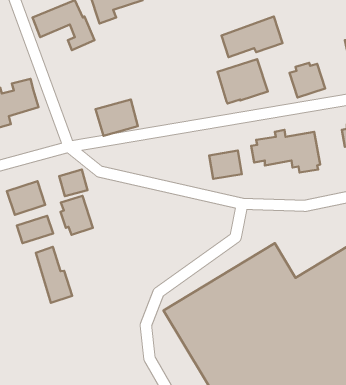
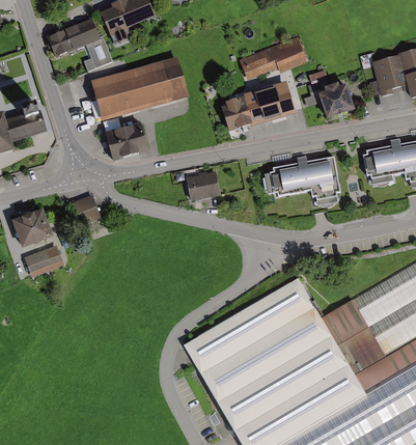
building: none -> [93,57,190,119]
building: none -> [217,98,247,133]
building: [209,150,242,179] -> [182,172,216,202]
building: [60,196,93,235] -> none
building: [36,247,72,303] -> none

